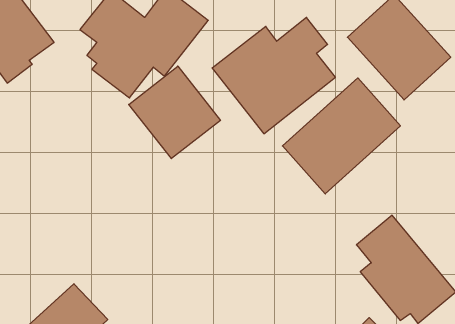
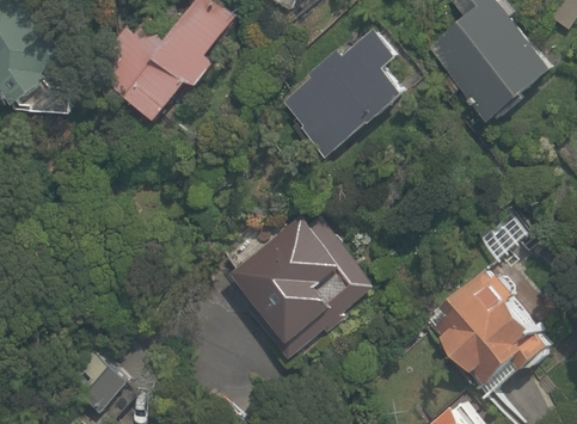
building: [129,66,220,159] -> none
building: [282,78,400,194] -> none
building: none -> [219,216,373,354]

